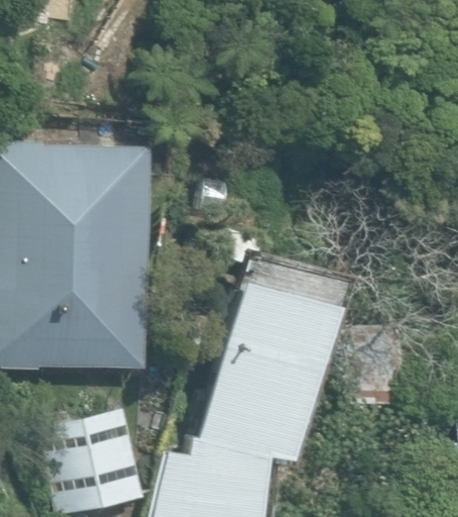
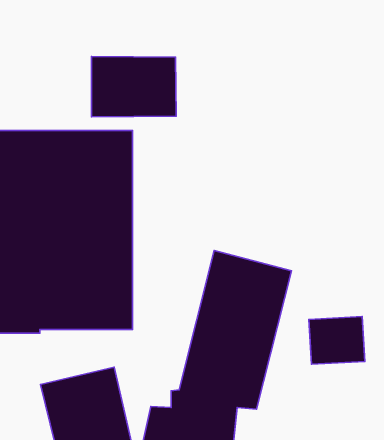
building: none -> [91,57,176,117]

